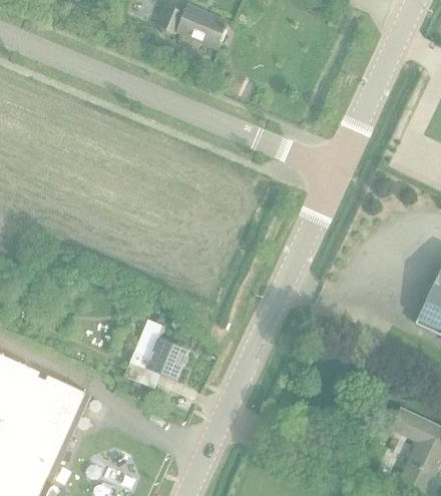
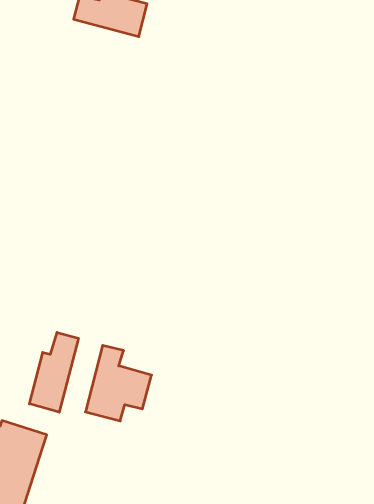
building: none -> [29,332,78,412]

